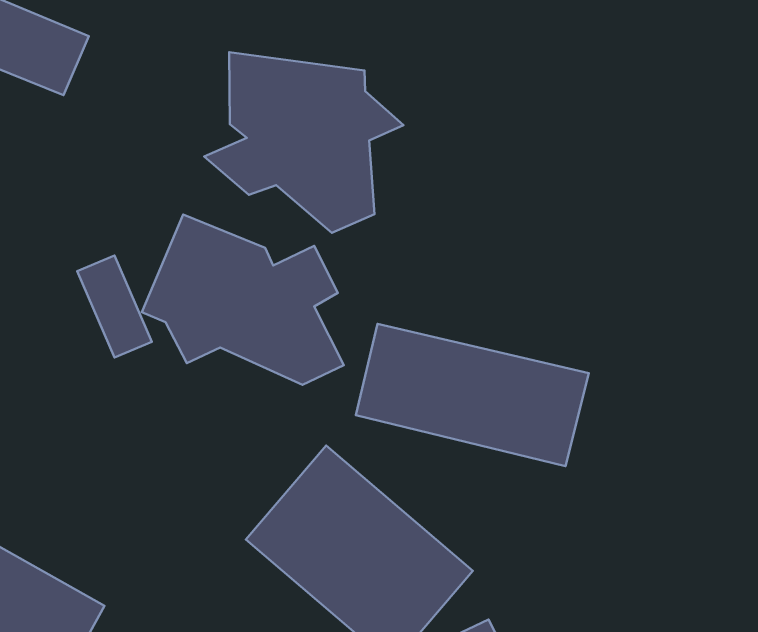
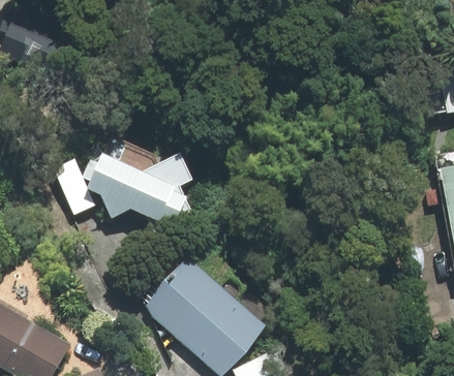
building: [204,52,404,233] -> none
building: [356,324,589,466] -> none

